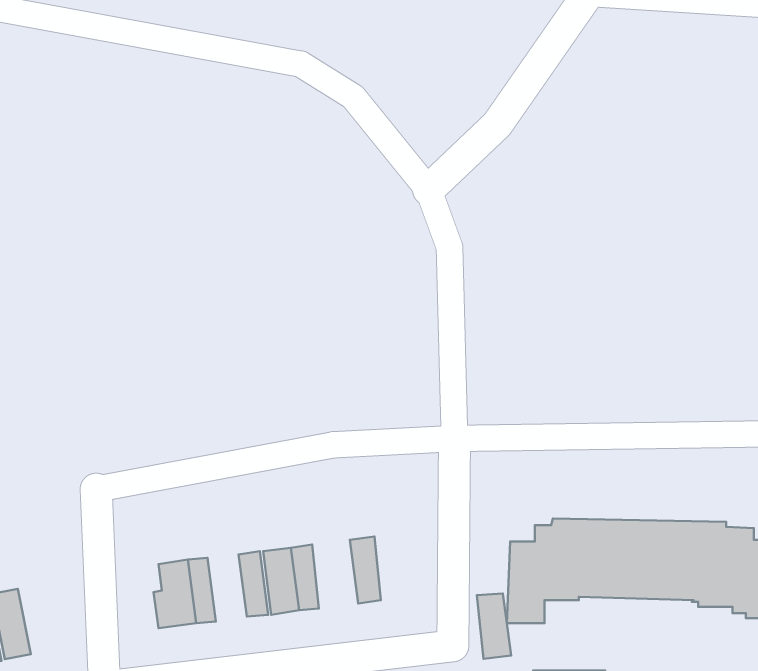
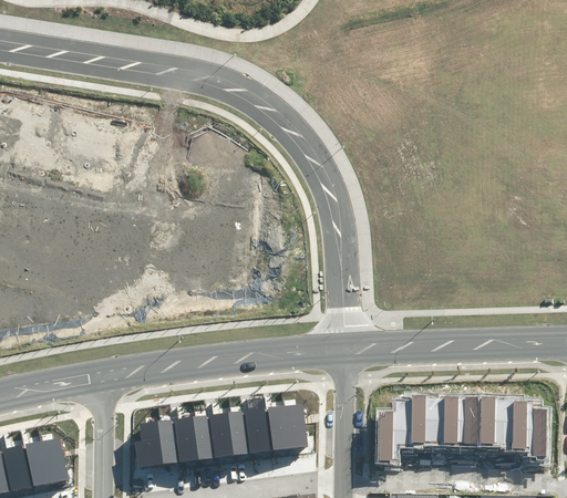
building: none -> [243,407,268,454]
building: none -> [172,417,196,463]
building: none -> [41,437,66,485]
building: [477,594,511,659] -> [282,404,306,448]

